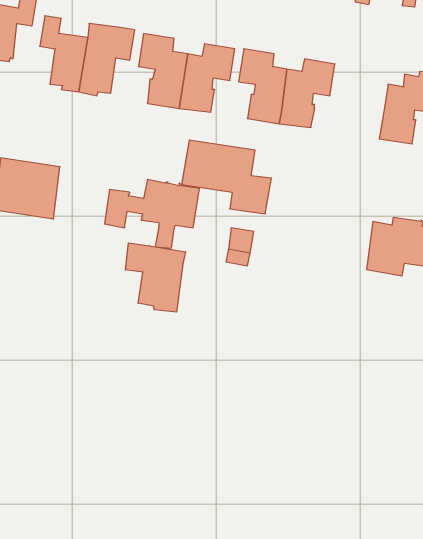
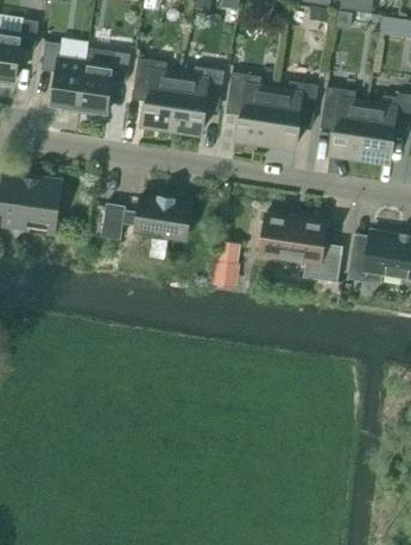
building: none -> [321,87,367,156]
building: [182,140,272,214] -> [258,213,342,281]
building: [125,243,186,312] -> none

